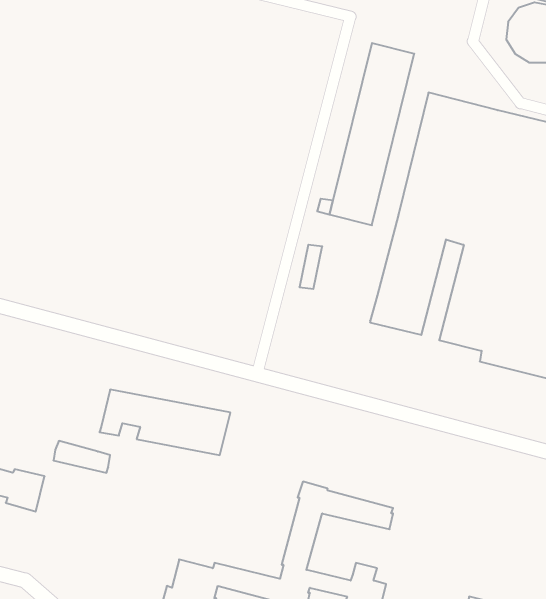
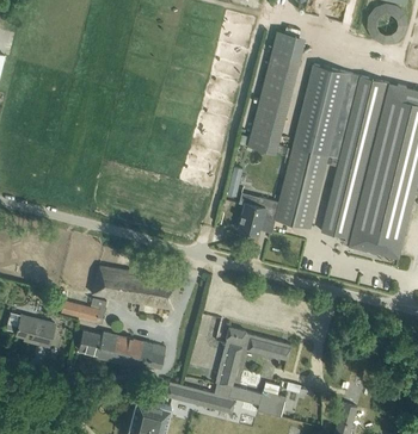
building: none -> [236,197,278,235]
building: none -> [76,330,165,368]

